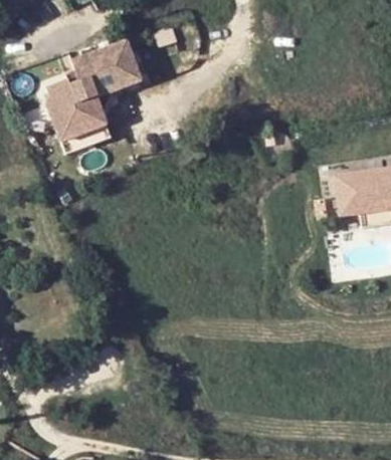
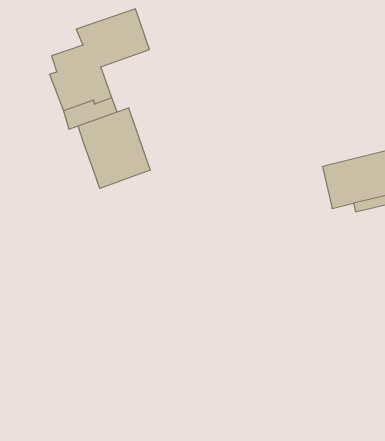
building: none -> [78,108,150,188]

